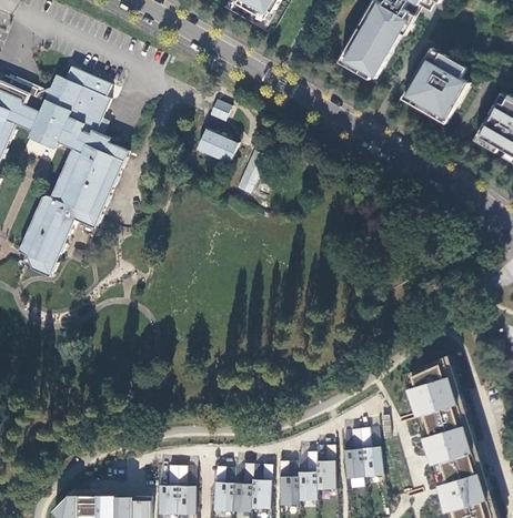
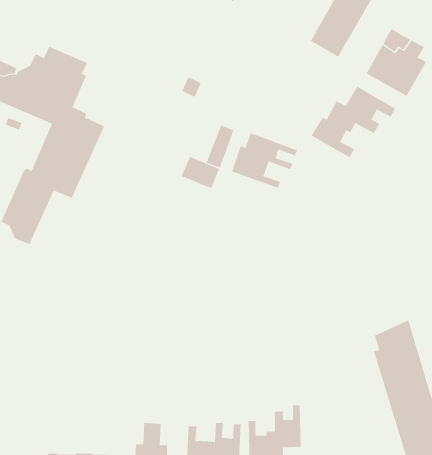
building: none -> [311,86,396,158]
building: [195,129,237,163] -> [181,156,220,189]
building: none -> [231,133,298,188]
building: [343,427,381,479] -> none

